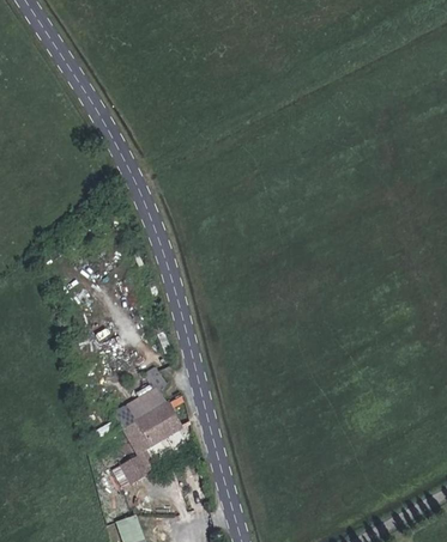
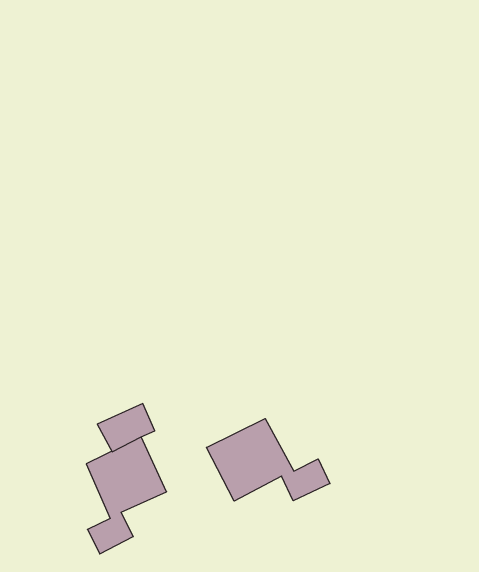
building: none -> [206,419,330,501]

